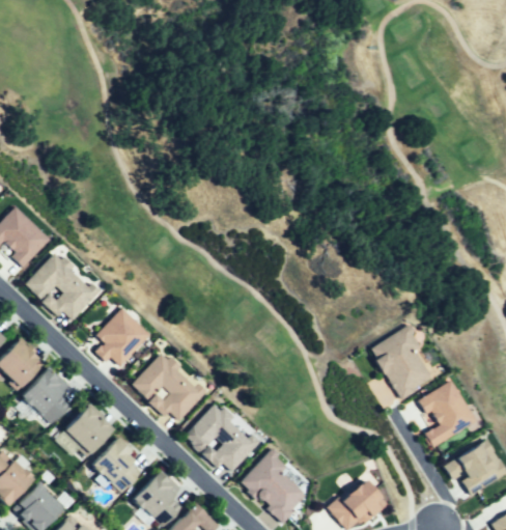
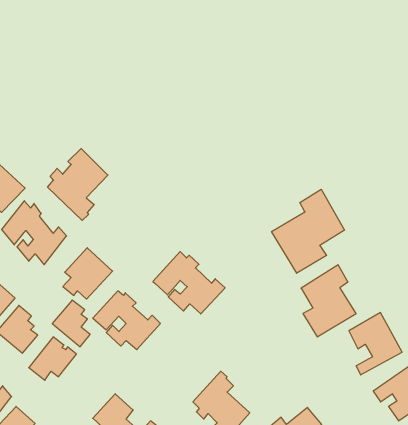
building: none -> [48,149,108,220]
building: none -> [272,189,344,273]
building: [182,401,265,473] -> [153,252,225,314]
building: [91,439,135,493] -> [52,300,90,347]

